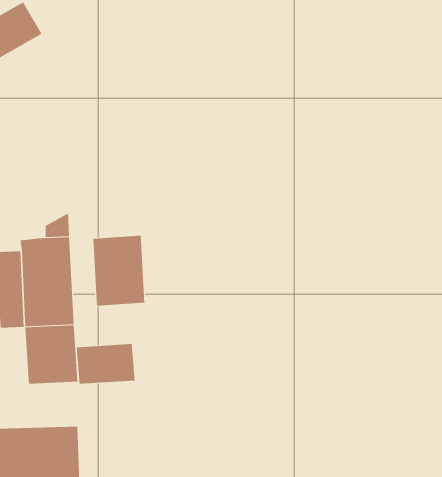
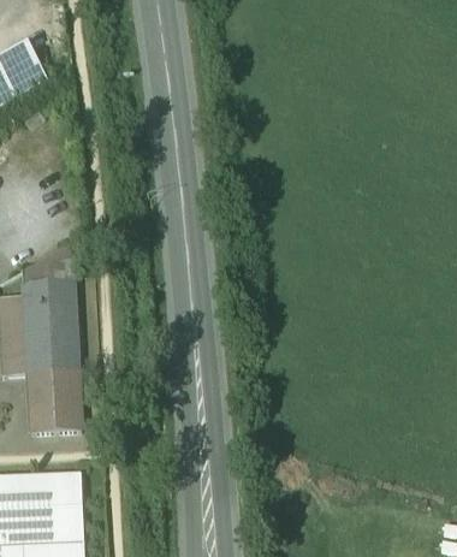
building: [93,235,145,307] -> none
building: [76,343,135,385] -> none

